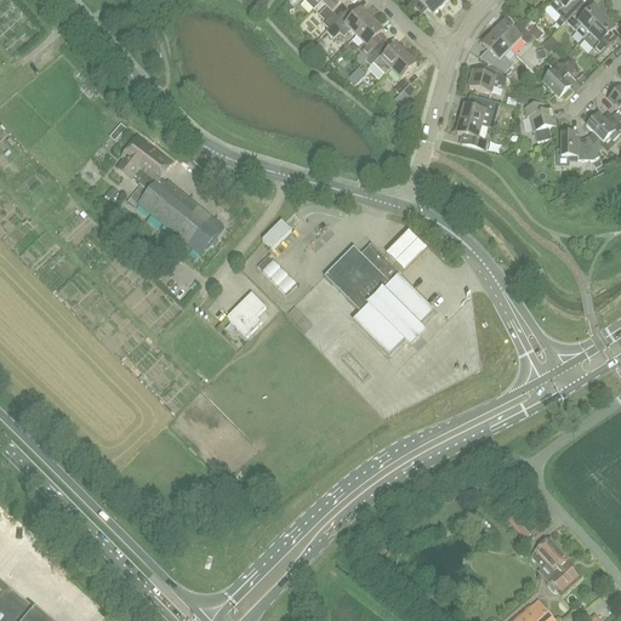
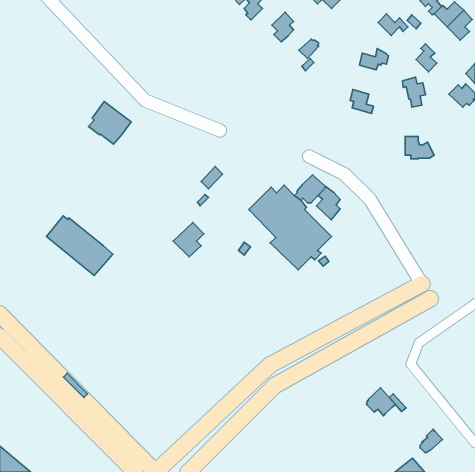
building: [324,5,371,35] -> none
building: [482,29,512,70] -> none
building: [364,40,405,72] -> none
building: [460,97,496,124] -> none
building: [560,130,598,159] -> [405,137,434,159]
building: [137,175,223,252] -> [47,216,113,276]
building: none -> [316,187,340,220]
building: [531,534,569,570] -> [367,388,395,416]

